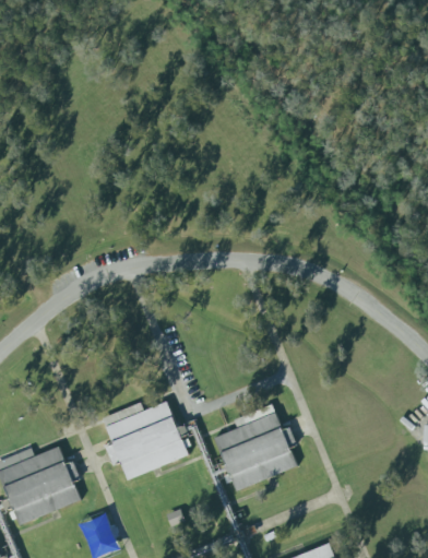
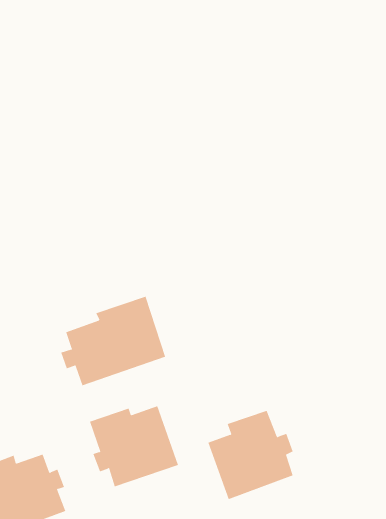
building: none -> [61,296,166,386]

